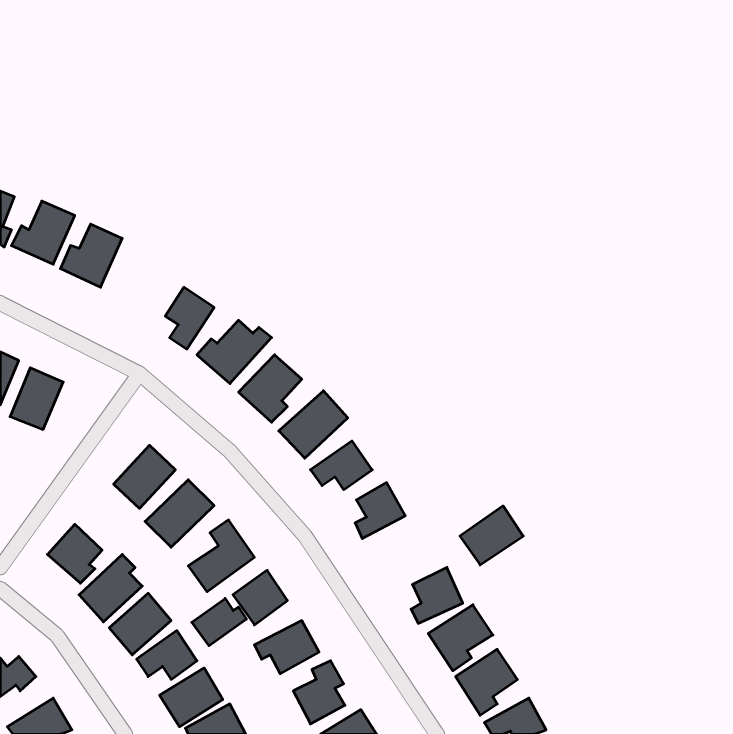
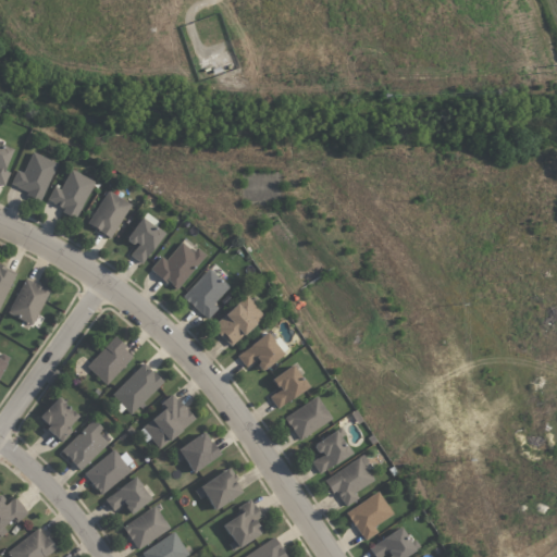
building: none -> [87,190,131,238]
building: [460,506,523,565] -> [284,396,332,441]
building: [192,598,246,646] -> none

